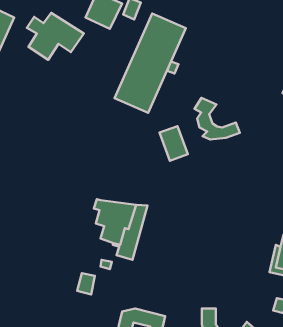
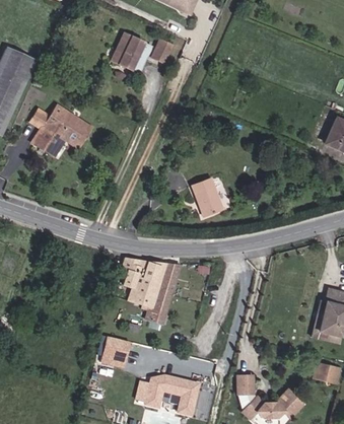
building: [27,13,84,60] -> [30,104,92,155]
building: [114,14,186,113] -> none
building: [194,98,240,140] -> none

